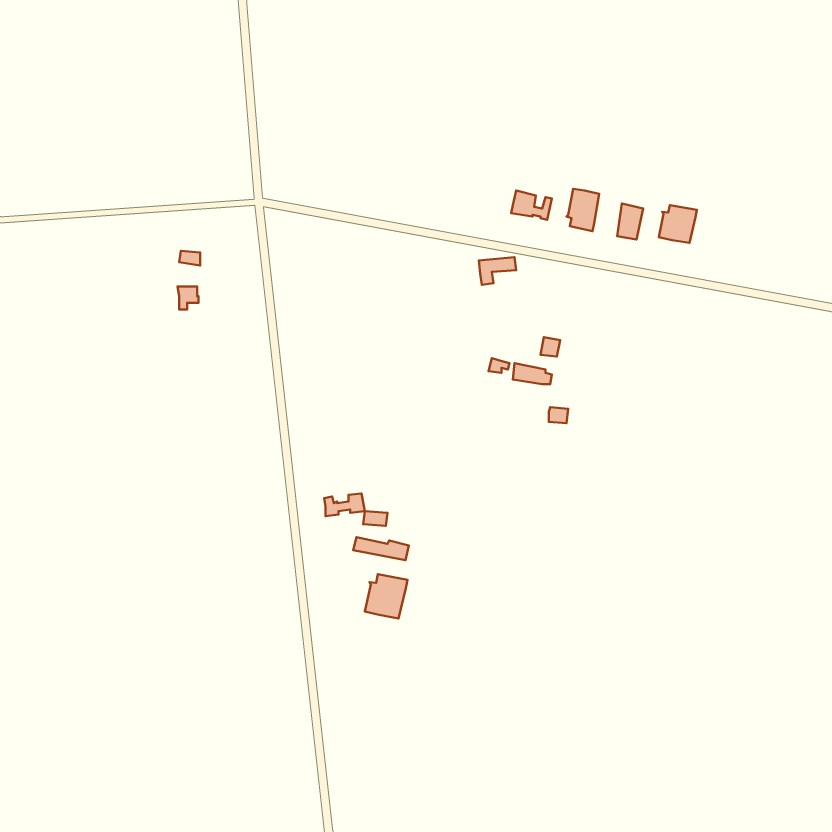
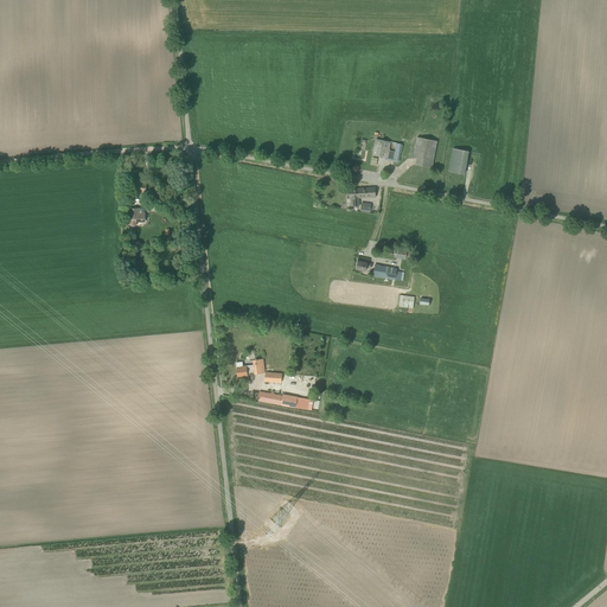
building: [659,205,697,243] -> none
building: [365,574,408,618] -> none

